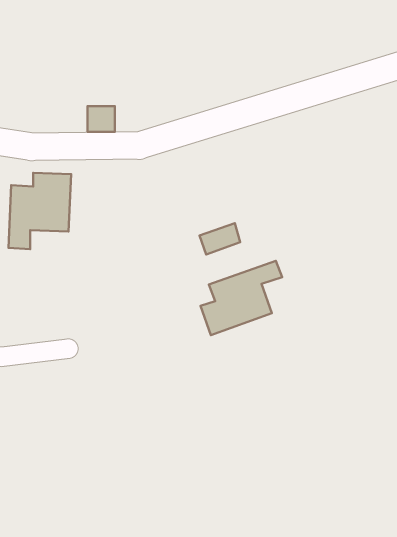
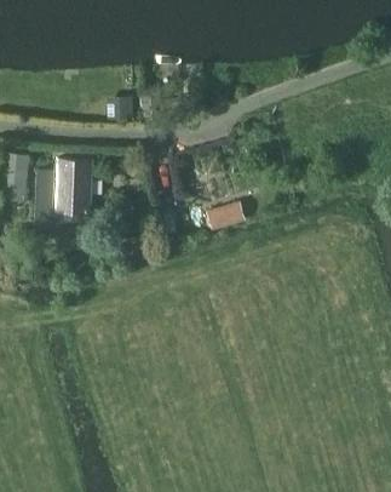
building: [201,261,282,335] -> none

